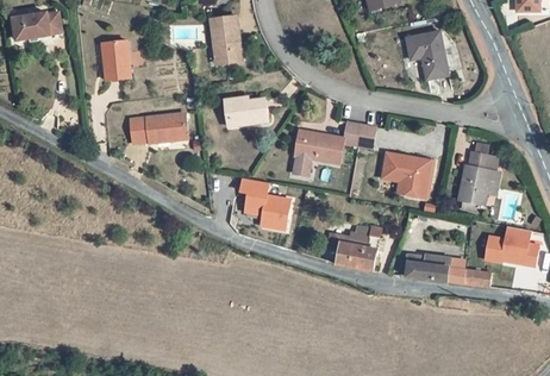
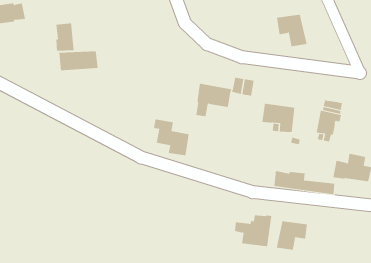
building: [213,20,242,63] -> none
building: [223,98,269,129] -> none
building: [126,119,181,146] -> [59,51,98,71]
building: [326,219,379,263] -> [234,215,272,247]
building: none -> [276,220,307,250]

